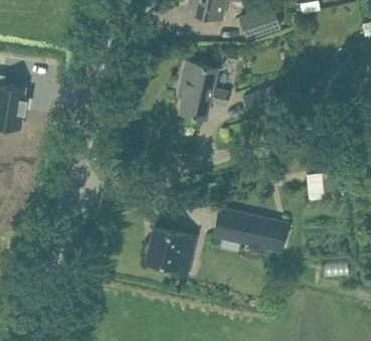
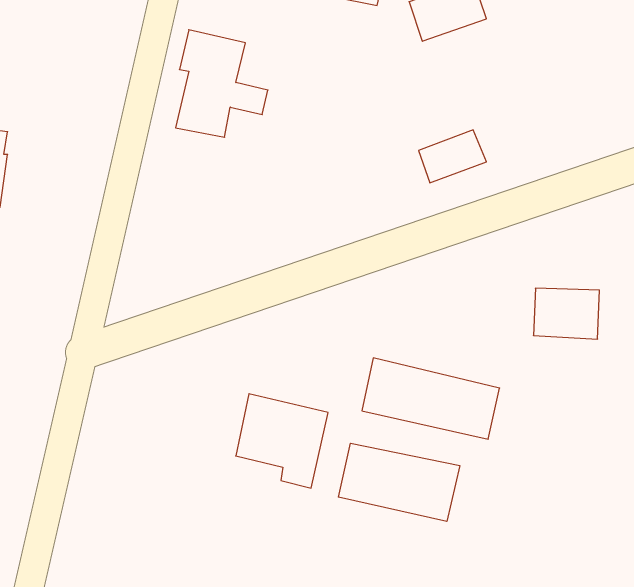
building: [179,61,228,119] -> [176,30,268,137]
building: none -> [338,443,460,521]

